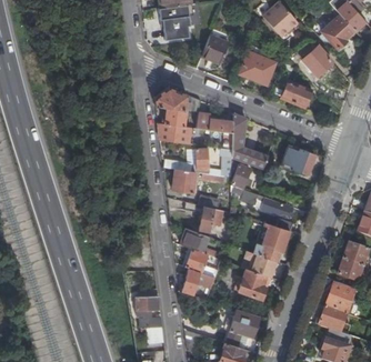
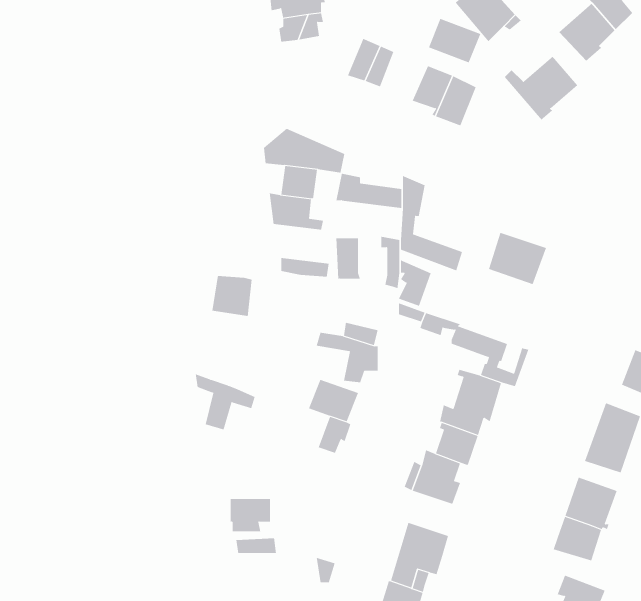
building: [281,81,311,107] -> [428,18,481,63]
building: [172,170,195,193] -> [211,275,252,317]
building: [177,264,211,296] -> [195,373,256,430]

